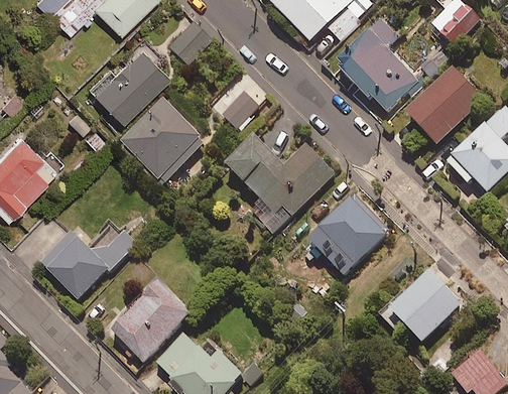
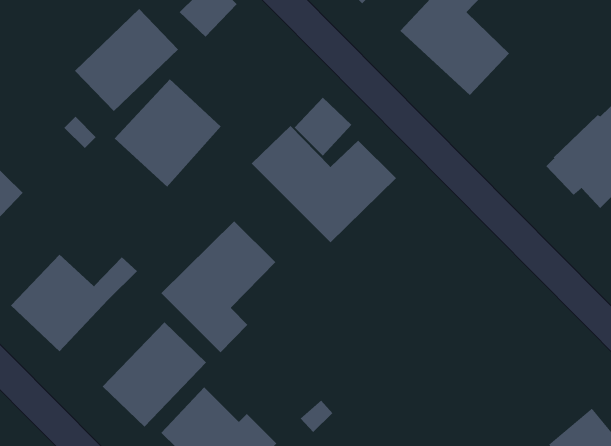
building: [411,64,490,145] -> none
building: [214,85,258,130] -> [294,97,352,157]
building: [308,195,389,275] -> none
building: none -> [161,220,276,353]
building: [386,267,464,345] -> none

